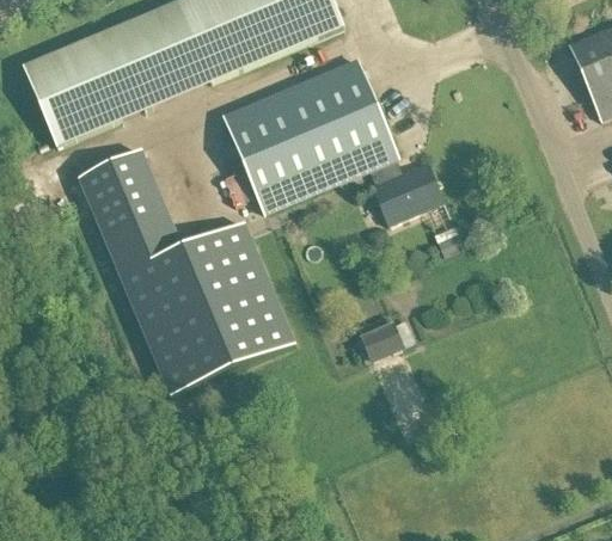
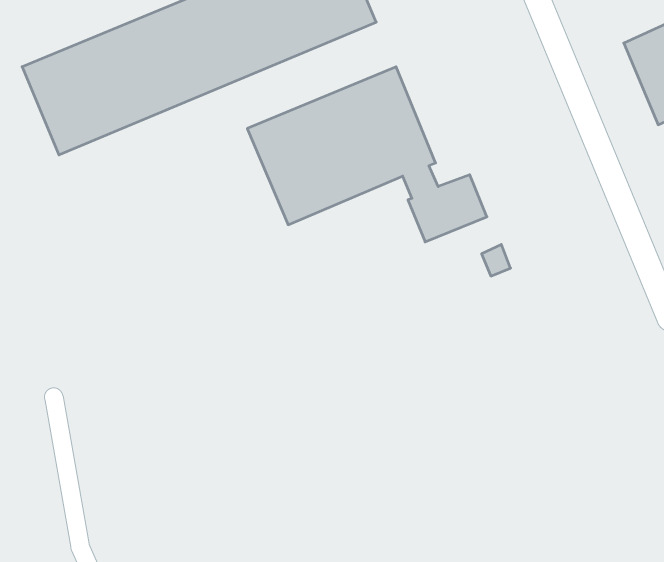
building: [81,150,295,393] -> none
building: [359,319,411,359] -> none

